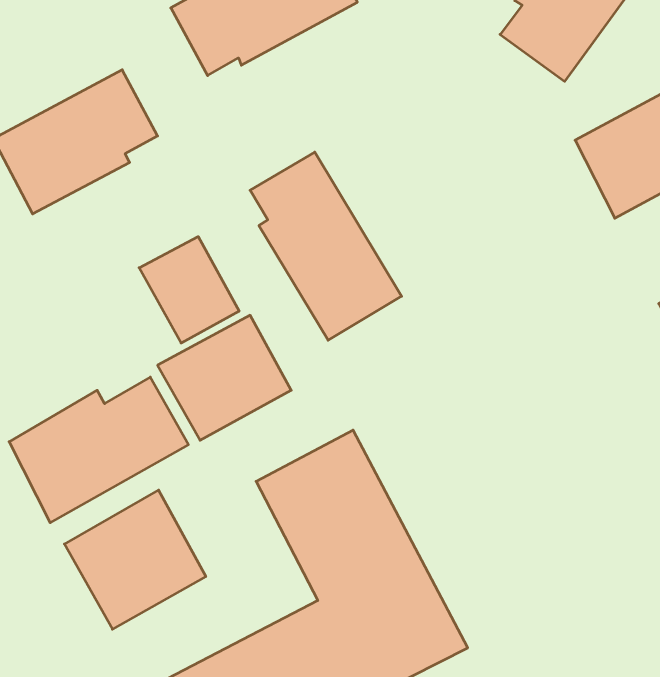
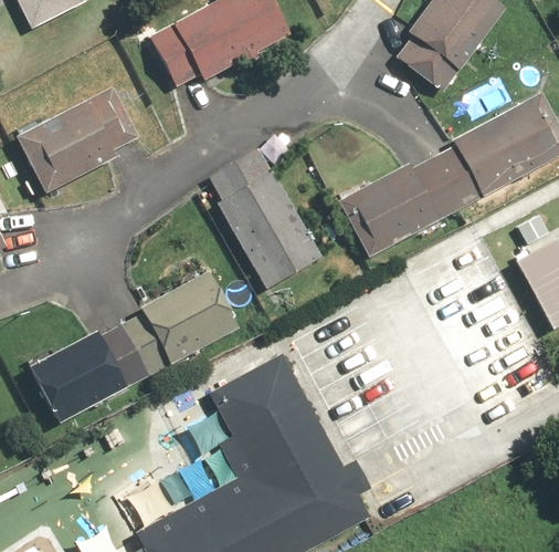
building: none -> [336,147,476,256]
building: [139,237,239,343] -> none
building: [64,490,206,629] -> none

